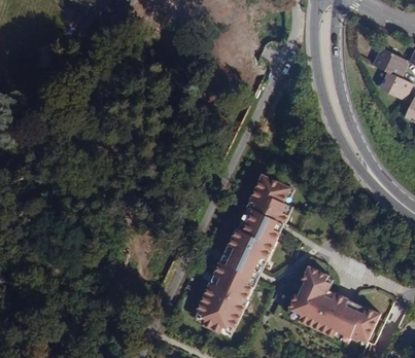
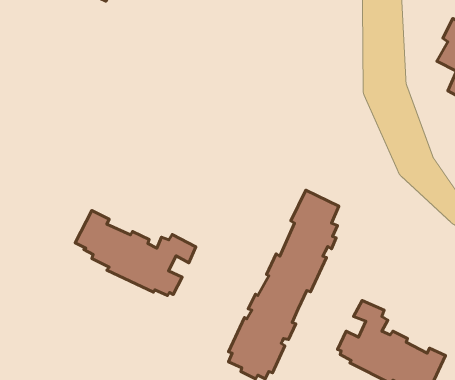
building: none -> [75,210,196,295]

